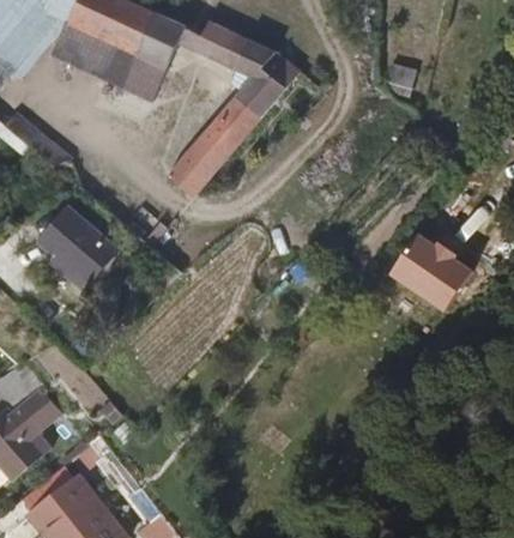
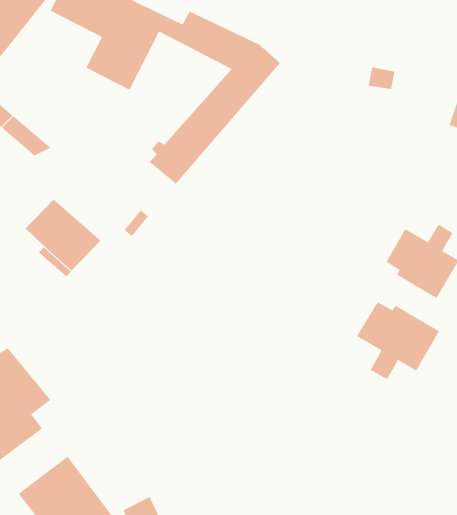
building: [50,22,117,79] -> none
building: none -> [356,302,440,380]

